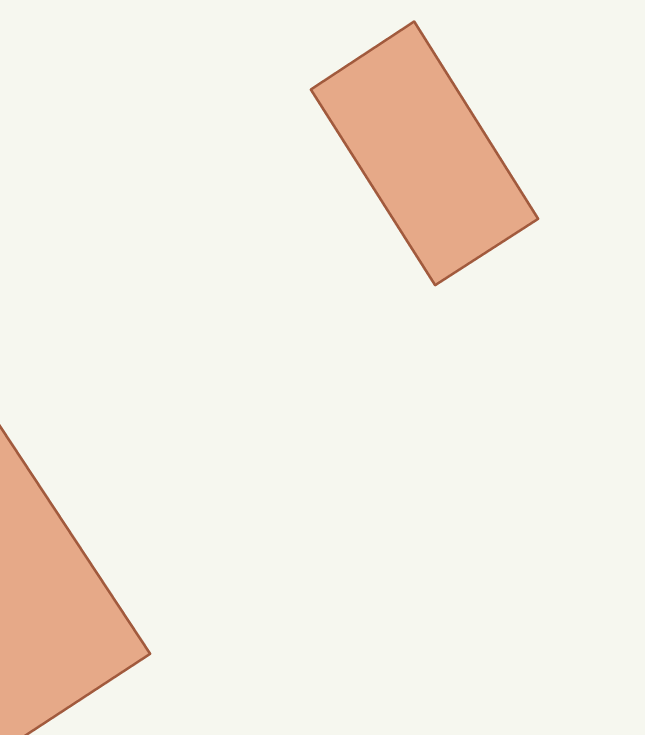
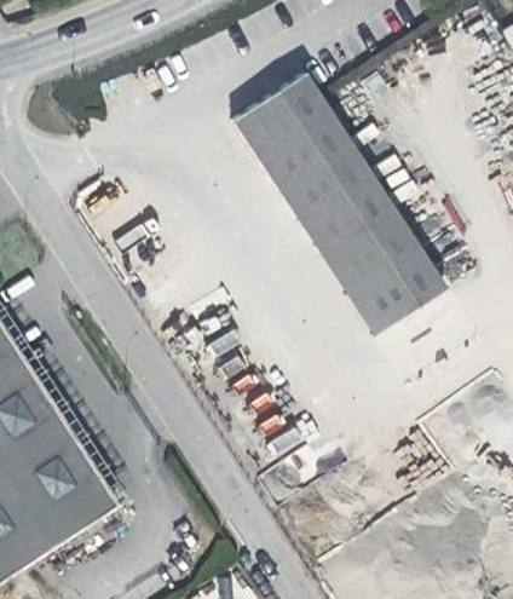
building: none -> [317,202,440,332]

